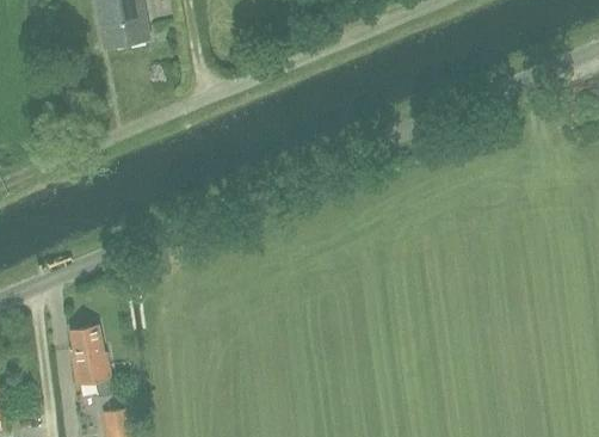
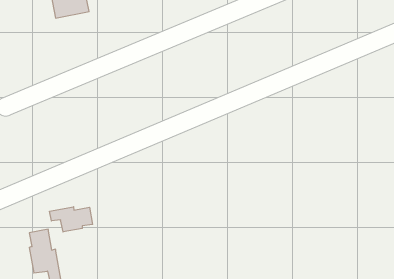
building: none -> [50,207,93,232]

